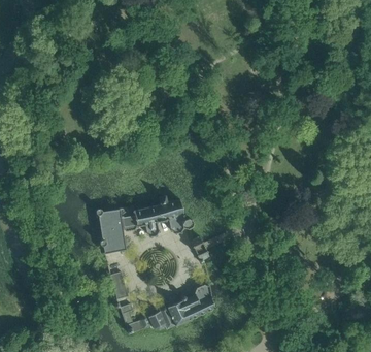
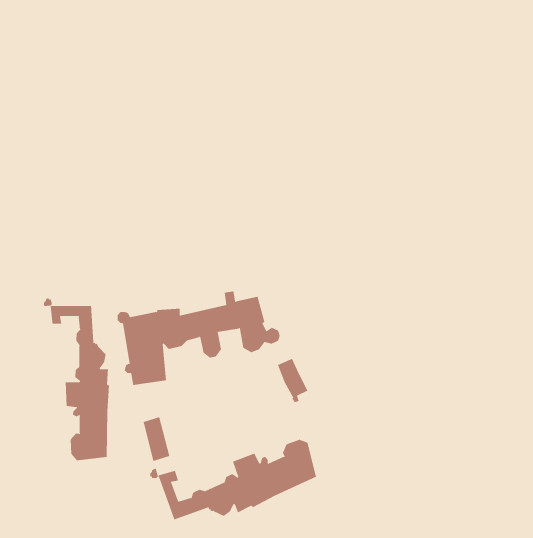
building: none -> [44,297,110,461]

